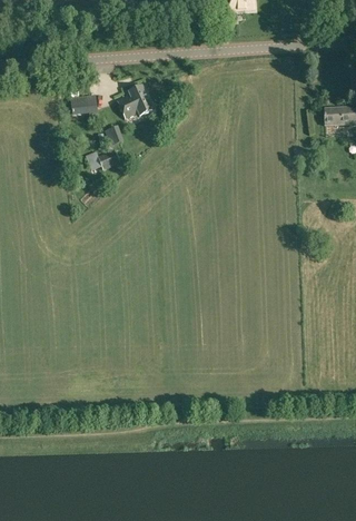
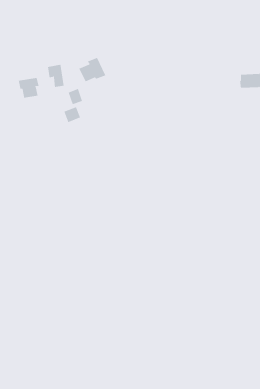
building: none -> [18,77,39,98]

